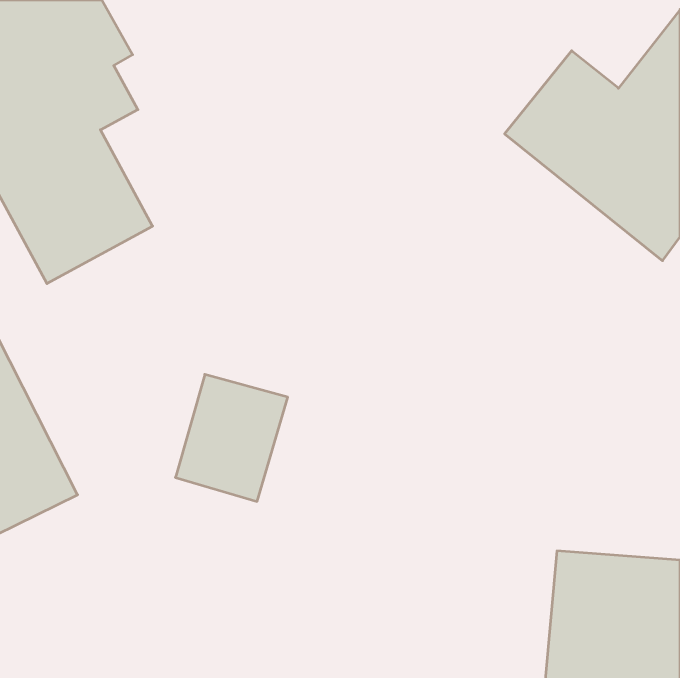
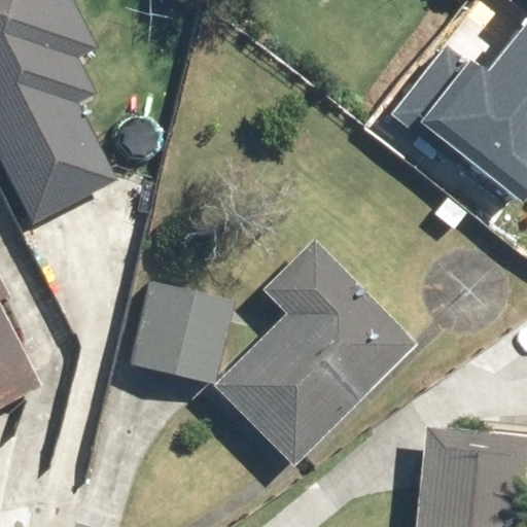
building: none -> [220,234,414,456]

